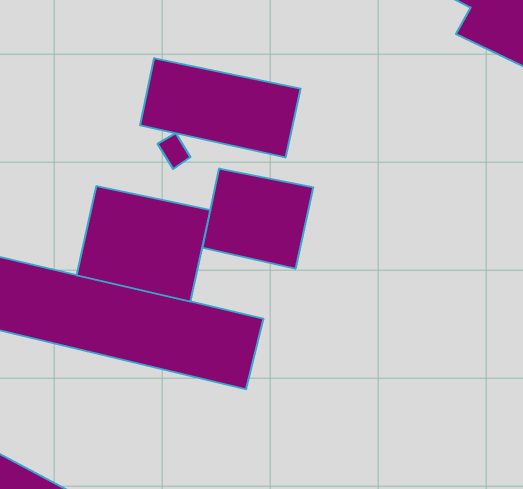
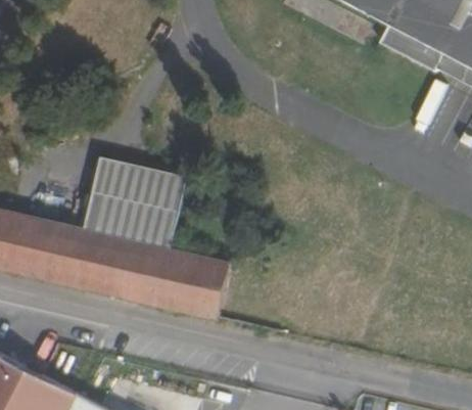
building: [140,58,301,158] -> none
building: [202,168,313,269] -> none

